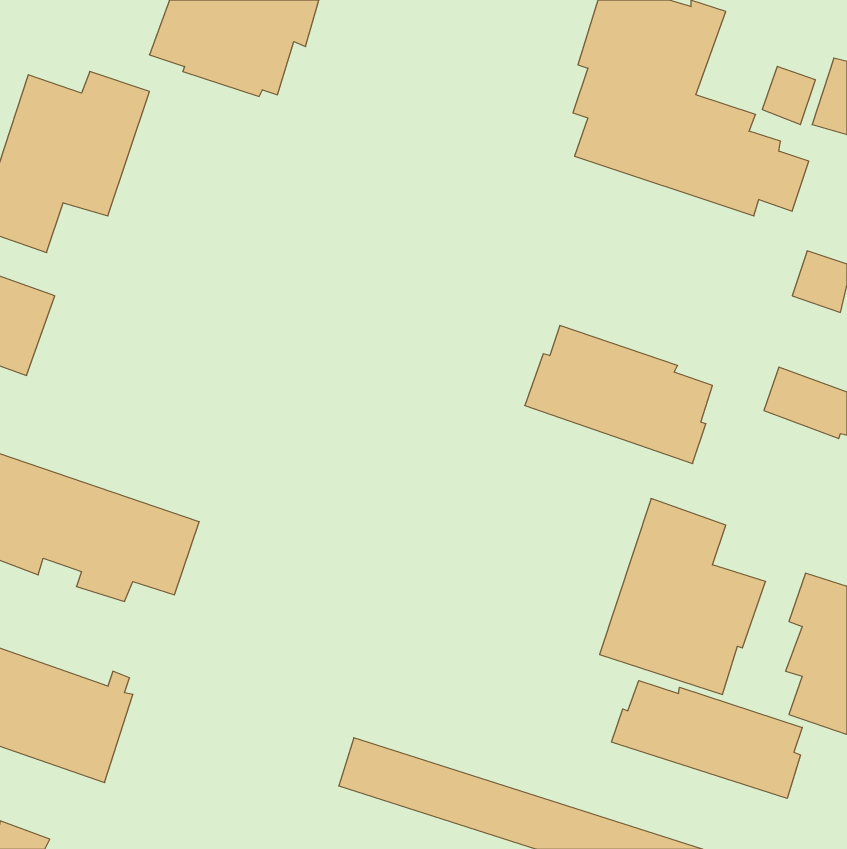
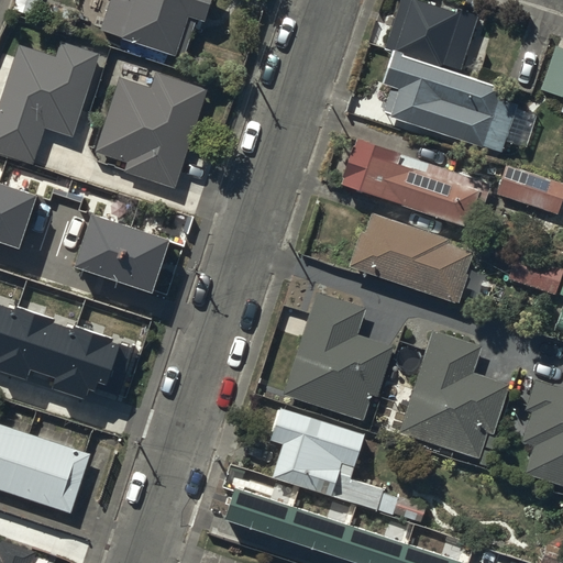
building: none -> [95,77,206,194]
building: none -> [343,133,498,231]
building: none -> [75,214,169,292]
building: none -> [282,294,394,422]
building: none -> [265,407,396,515]
building: [612,681,802,798] -> none

